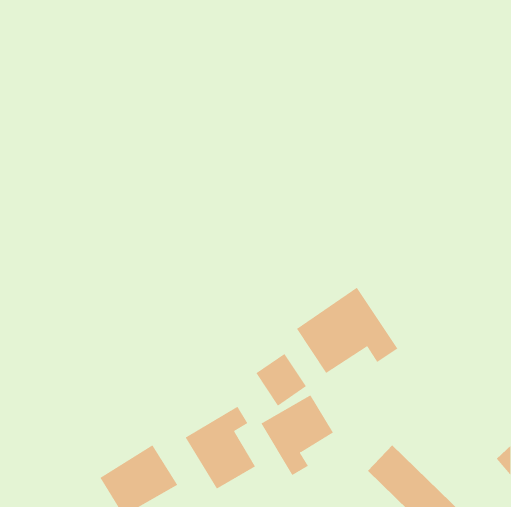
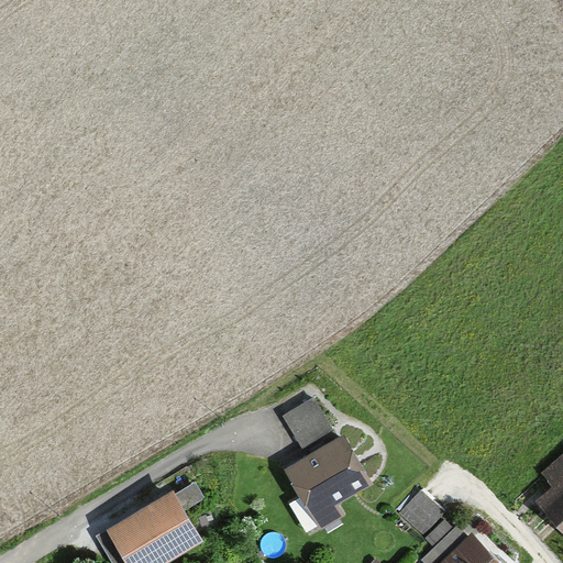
building: [296,287,398,374] -> none
building: [185,406,256,490] -> none

